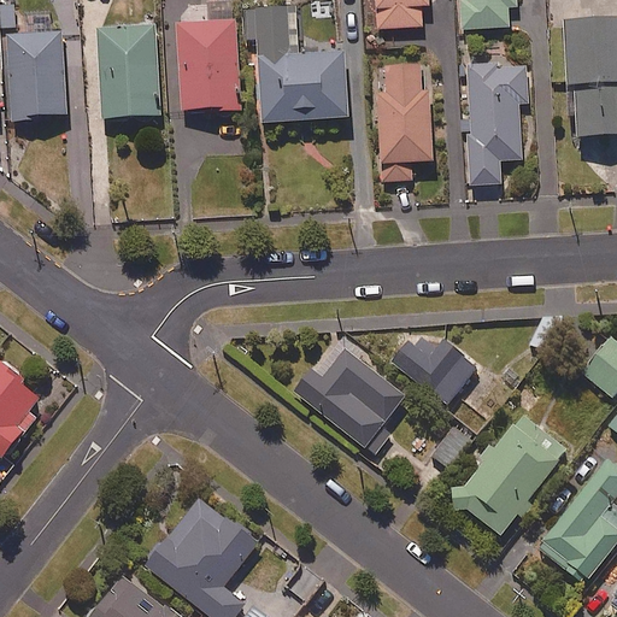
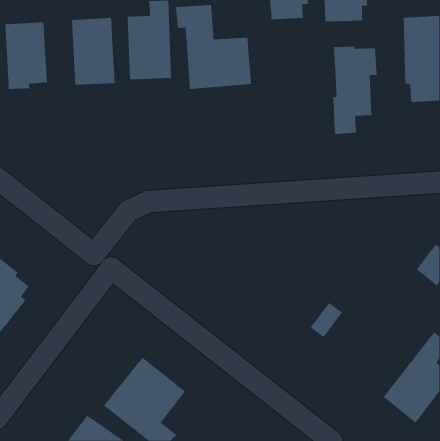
building: [377,64,433,181] -> none
building: [296,336,406,454] -> none
building: [393,337,477,404] -> none
building: [456,415,568,536] -> none

